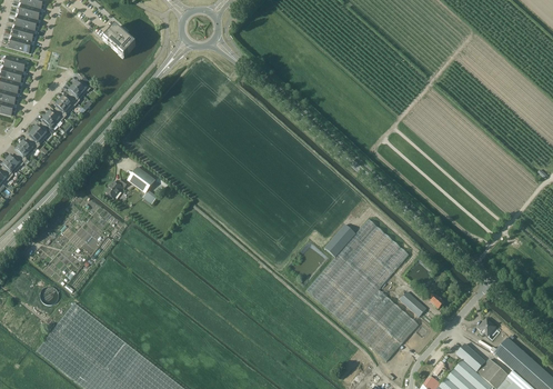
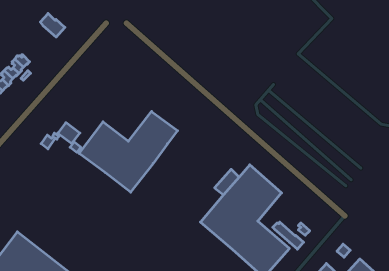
building: none -> [79,111,178,192]

